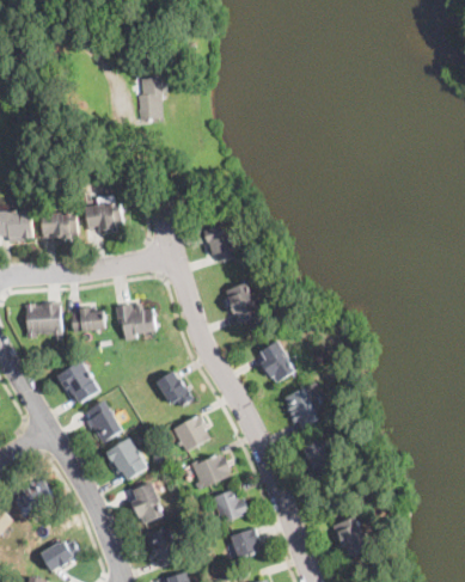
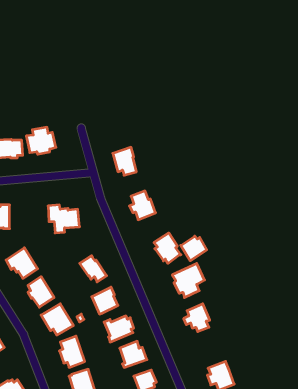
building: [136,75,165,120] -> none
building: [69,308,105,333] -> none
building: none -> [181,236,207,261]

